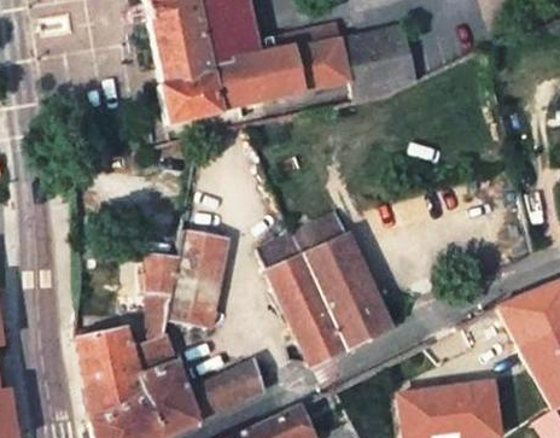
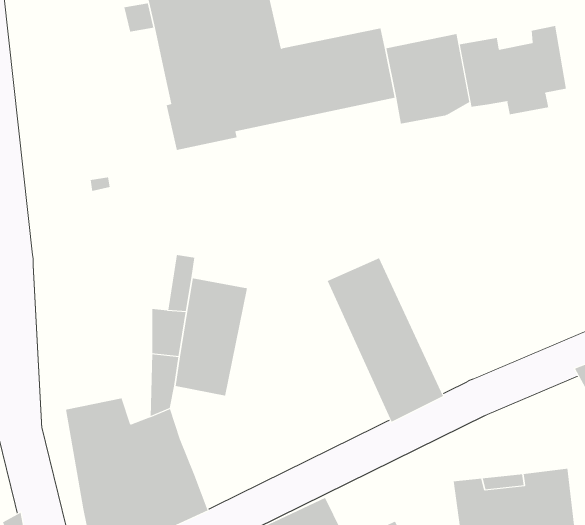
building: none -> [459,25,566,115]
building: [259,232,348,368] -> none
building: [186,362,264,421] -> none

